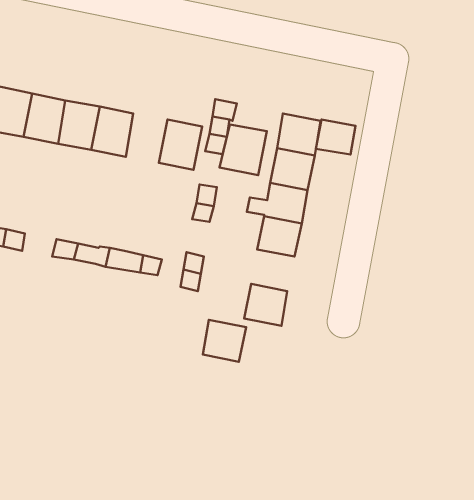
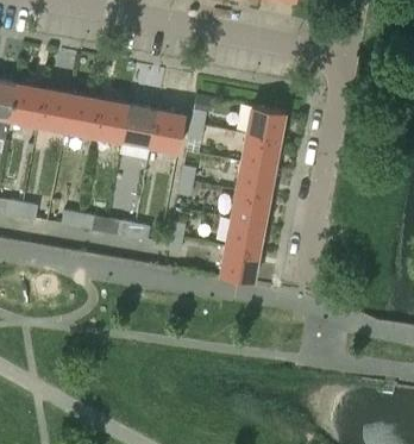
building: none -> [123,108,157,149]
building: [316,119,356,154] -> none
building: [219,124,267,175] -> none
building: [203,320,246,362] -> [226,220,262,255]

